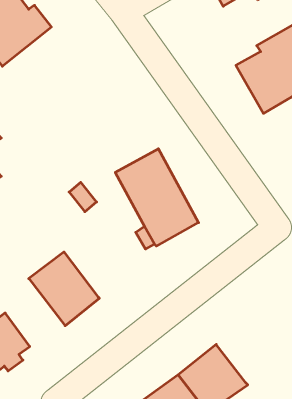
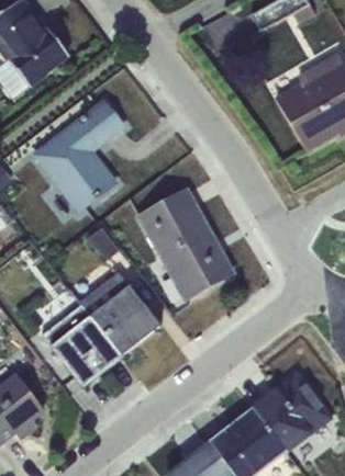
building: none -> [34,101,123,214]
building: none -> [80,272,162,355]
building: none -> [253,374,330,451]

